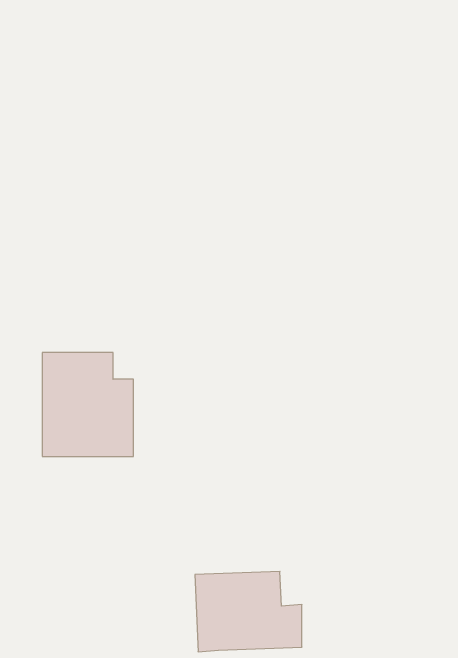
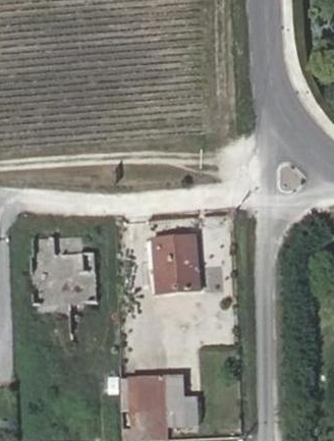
building: none -> [153,236,199,294]

